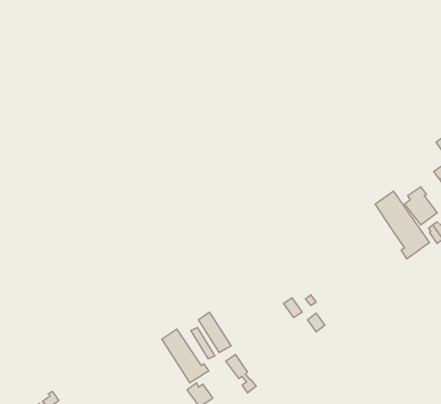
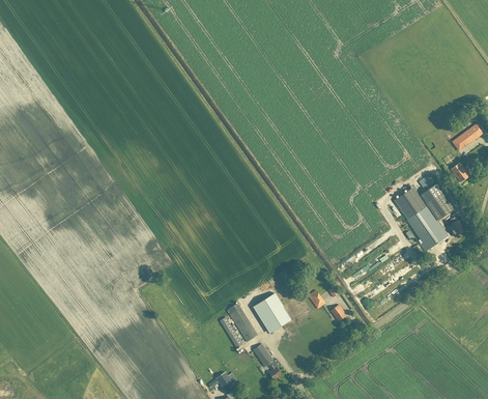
building: none -> [256,292,290,331]
building: [162,329,209,383] -> none

